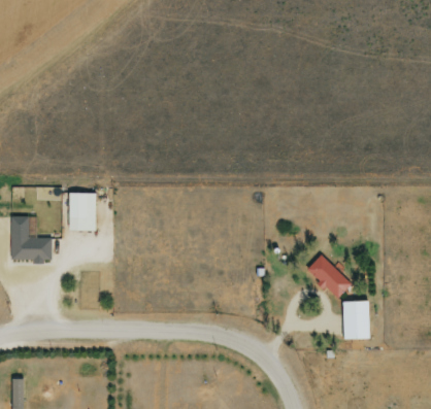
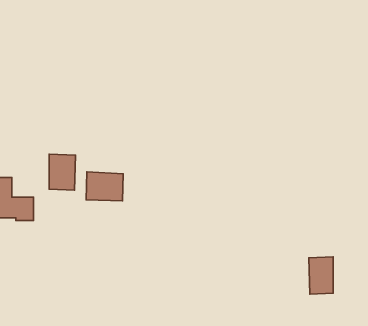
building: none -> [86,172,123,201]
building: [307,254,353,299] -> none

